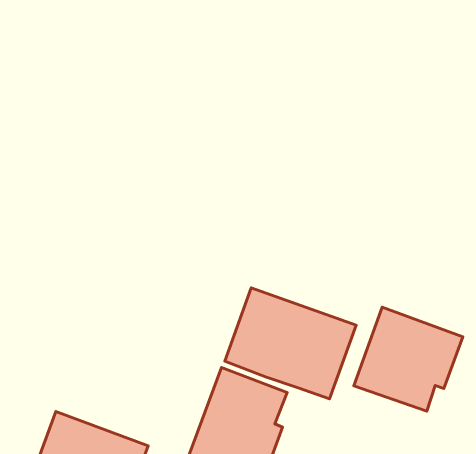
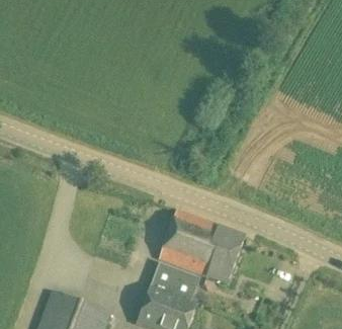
building: [354,307,463,411] -> none

